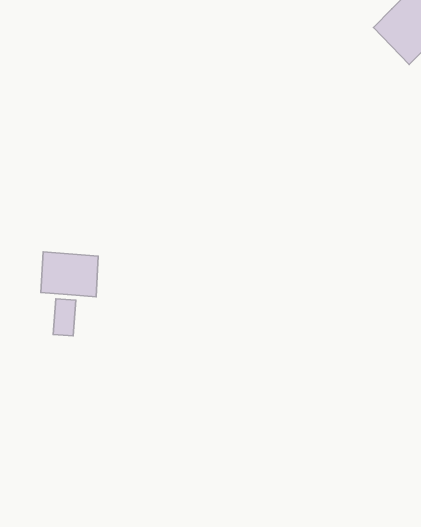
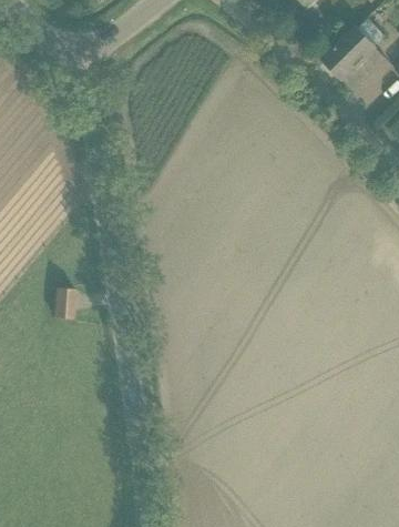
building: [41,252,98,297] -> none

